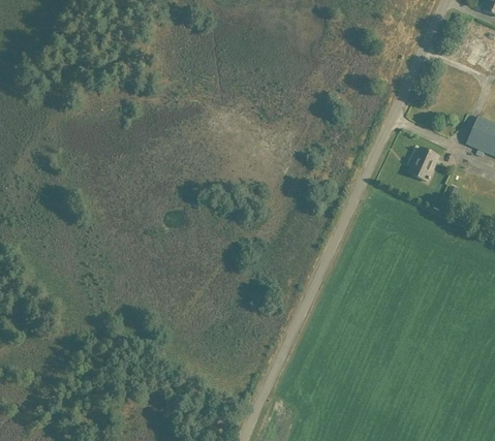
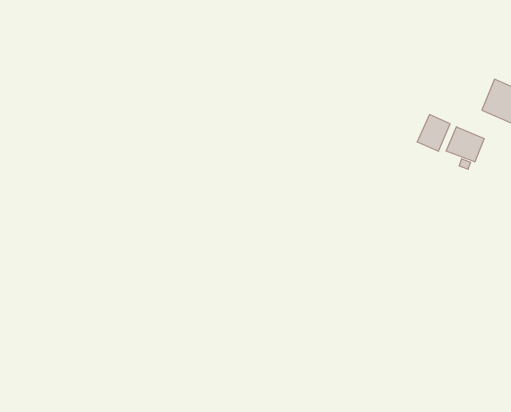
building: none -> [446,127,484,162]

